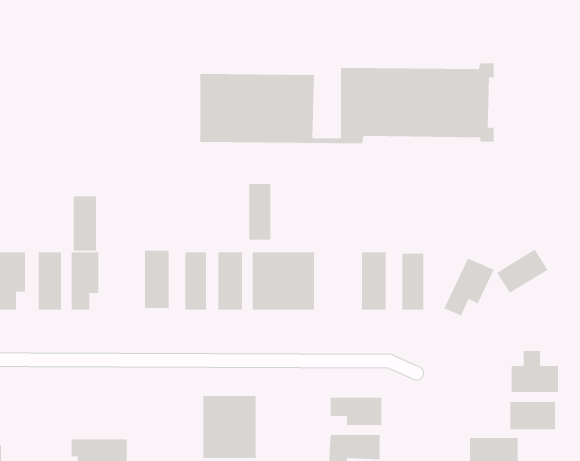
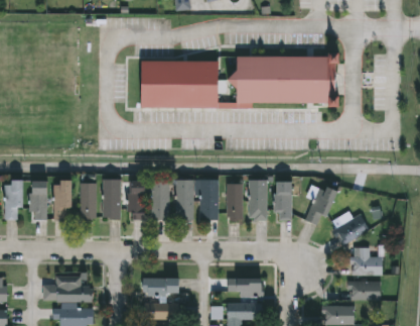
building: [249,183,271,240] -> [227,184,242,222]
building: [73,196,97,251] -> [80,183,96,220]
building: [496,249,549,294] -> [333,215,369,245]
building: none -> [42,275,92,302]

